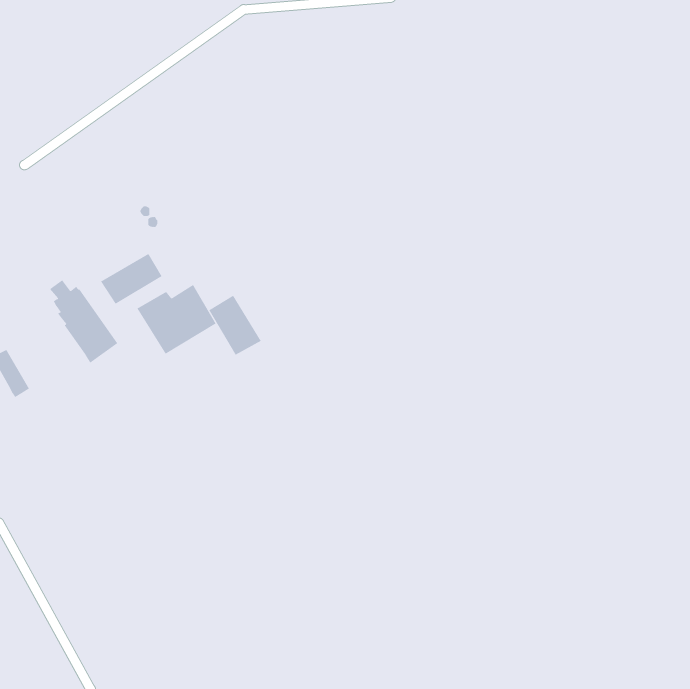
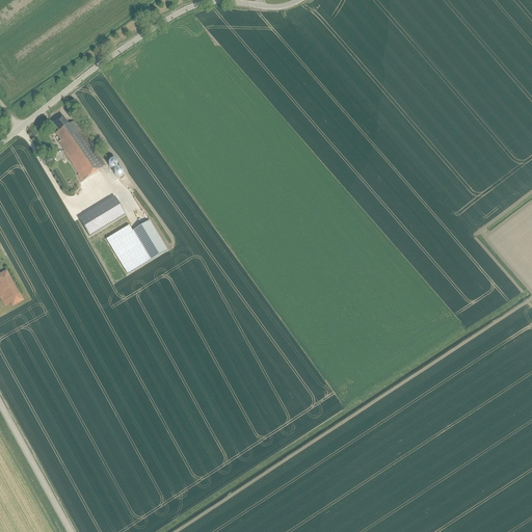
building: [49,280,118,363] -> [51,114,104,179]
building: [209,295,262,355] -> none

